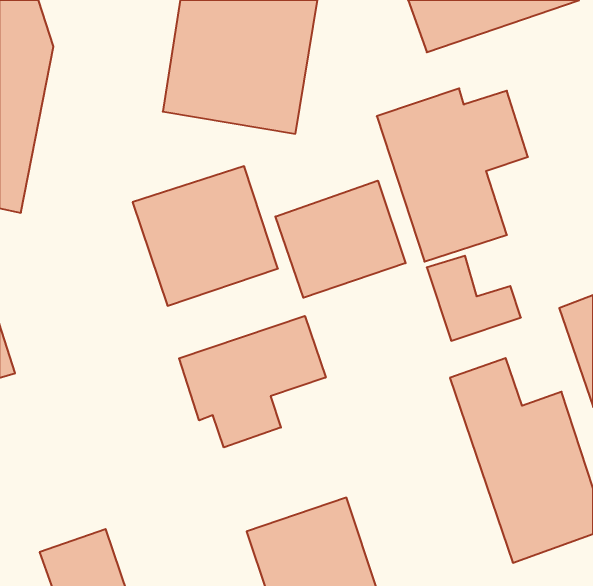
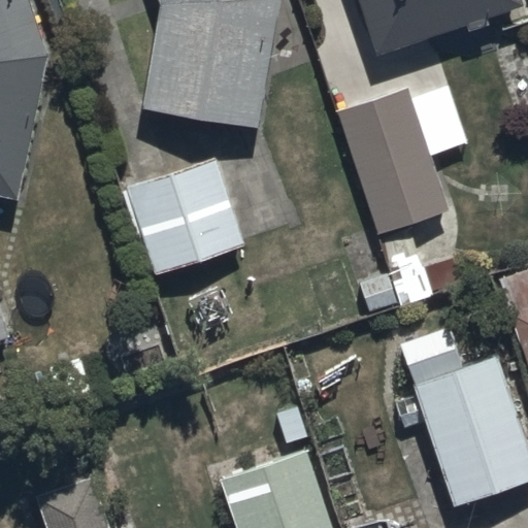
building: [275,181,406,298] -> none
building: [179,316,326,447] -> none

